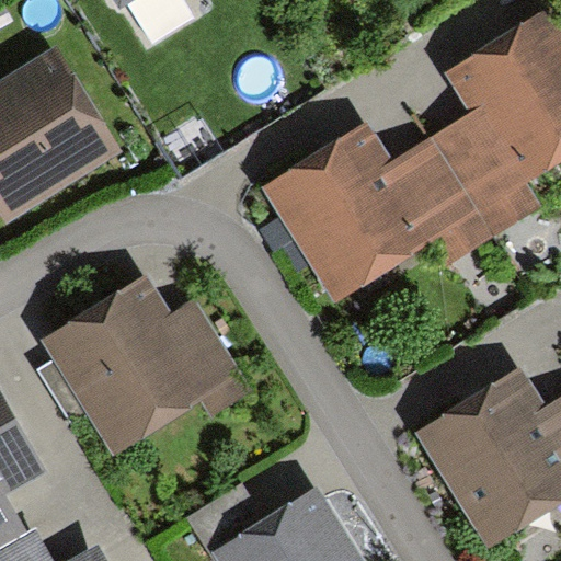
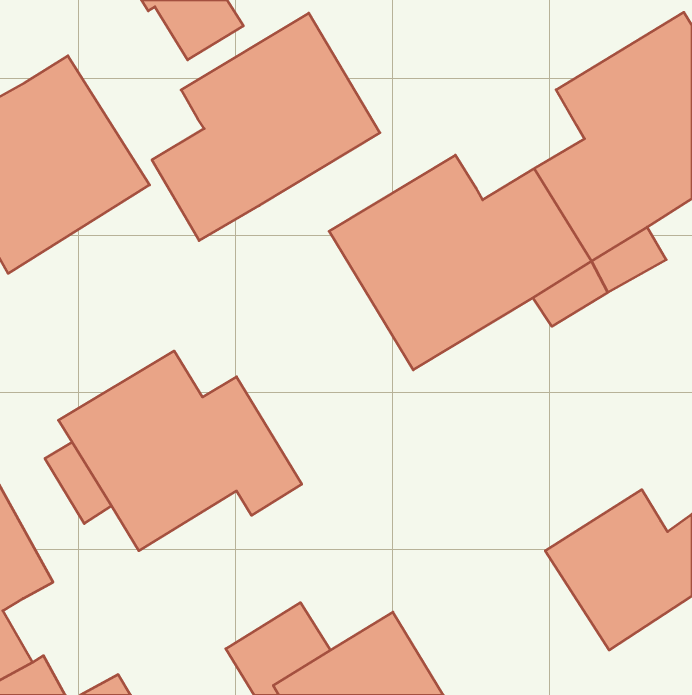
building: none -> [152,13,380,241]

